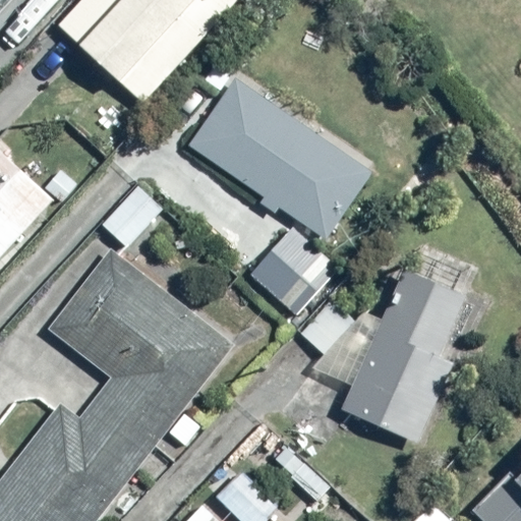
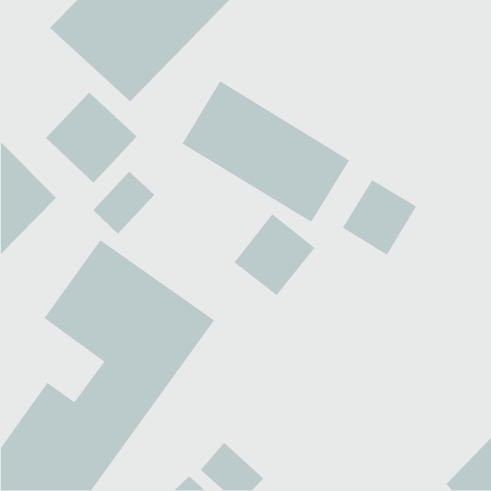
building: none -> [45,92,137,184]
building: none -> [342,179,417,256]
building: [306,269,477,442] -> none

